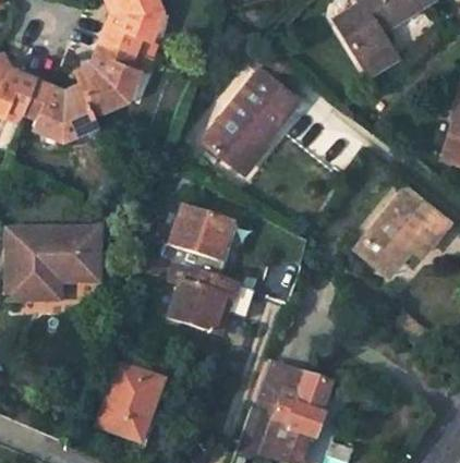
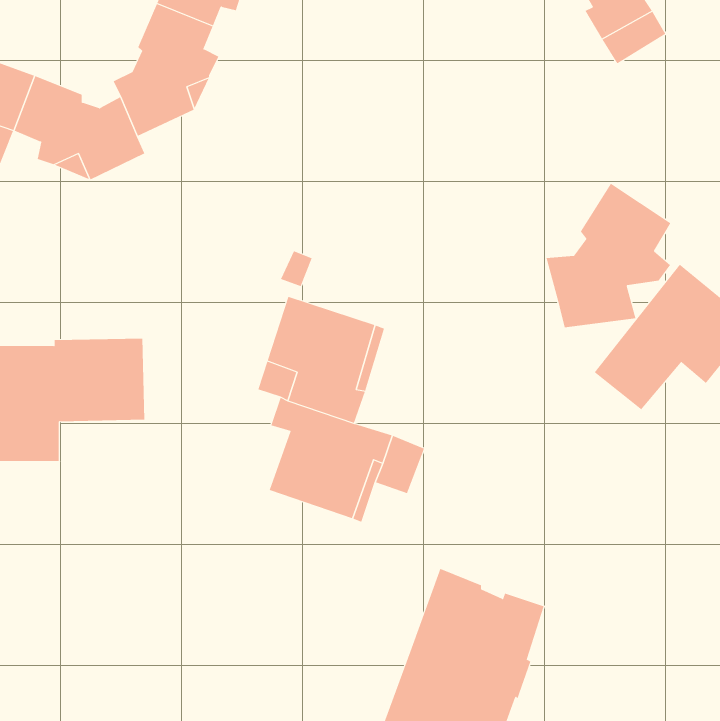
building: [205,46,296,170] -> none
building: none -> [546,183,671,328]
building: [96,340,173,441] -> none

